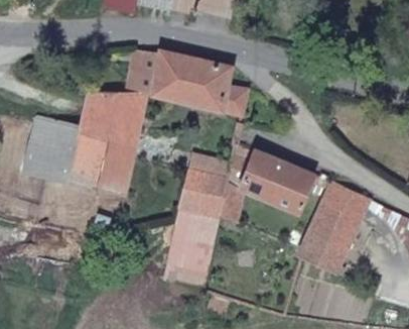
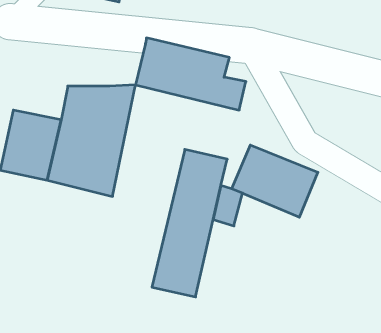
building: [124,48,157,93] -> none
building: [296,188,369,277] -> none

